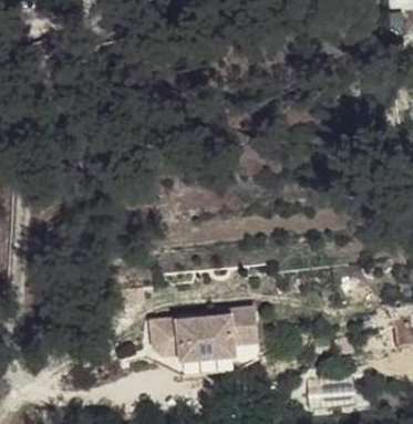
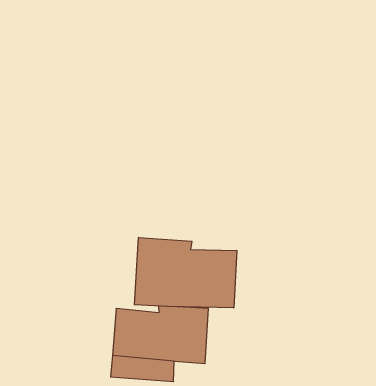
building: none -> [134,237,237,308]

